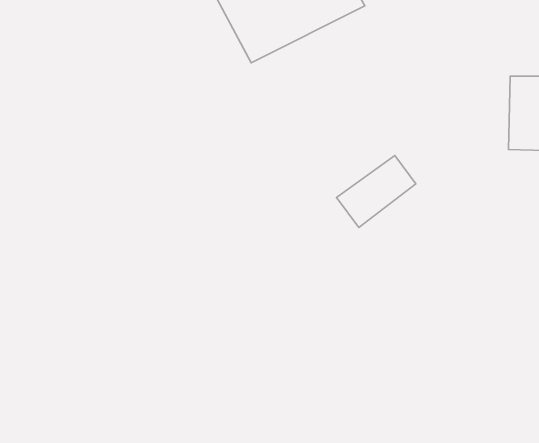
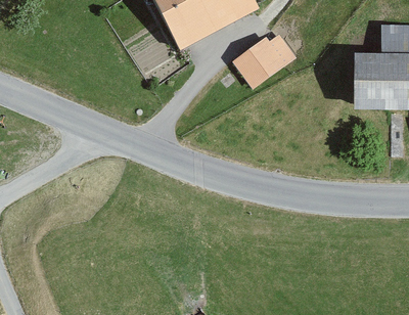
building: [336,156,416,227] -> [238,39,292,88]

